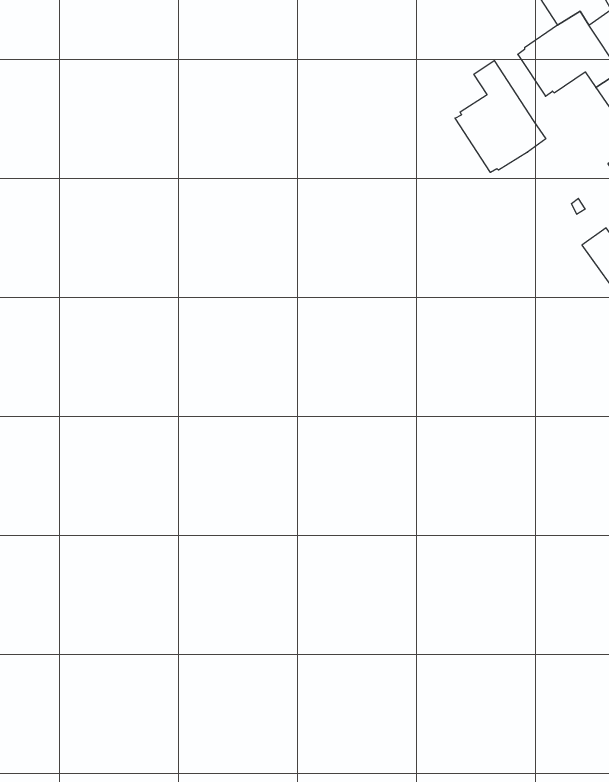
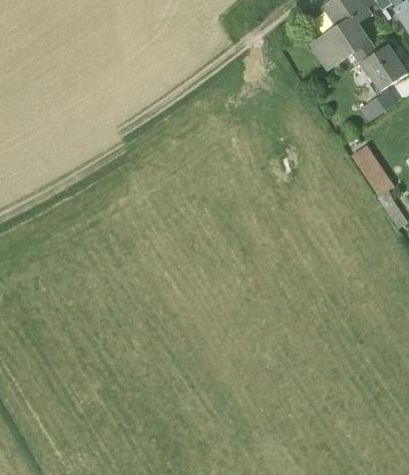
building: [455,61,546,172] -> none

